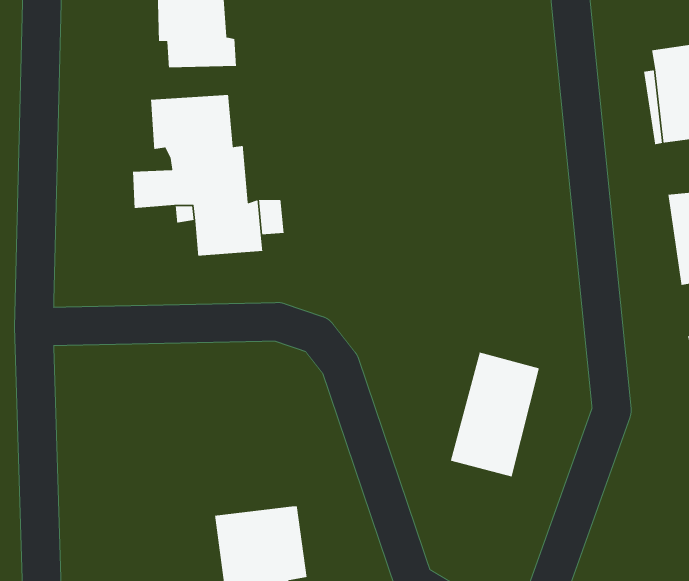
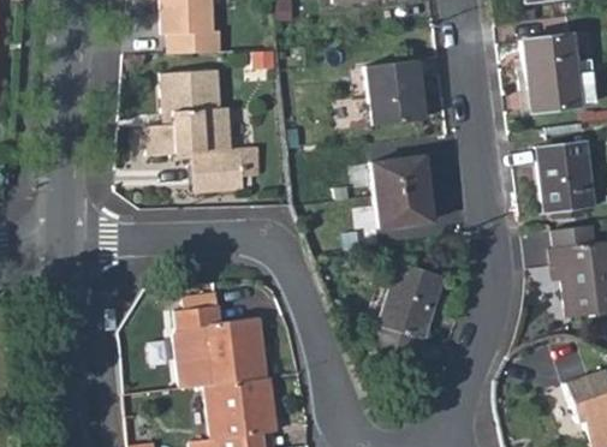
building: none -> [364,61,423,127]
building: none -> [373,156,434,230]
building: none -> [172,302,264,385]

